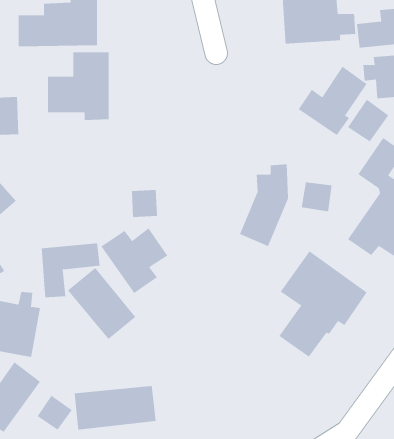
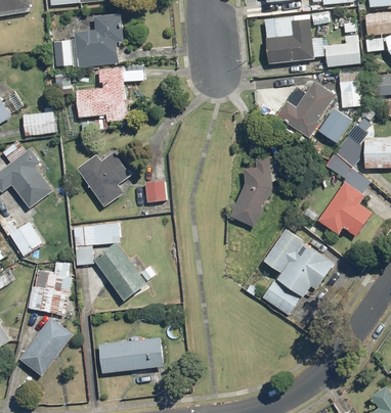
building: [301,181,332,212] -> none
building: [101,228,168,294] -> [76,152,130,205]
building: [37,395,73,431] -> none

